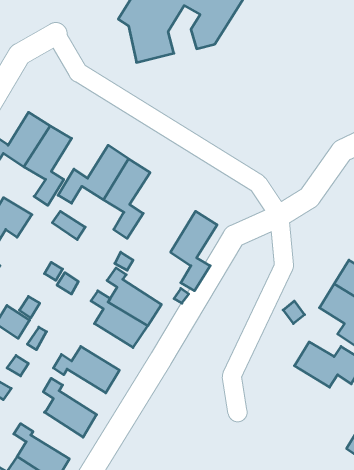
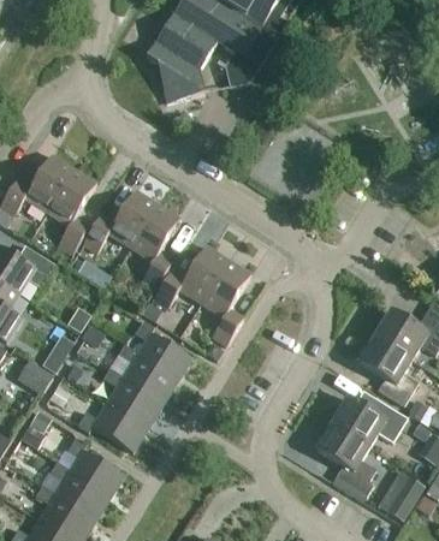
building: none -> [154,244,229,307]
building: none -> [103,365,162,427]
building: none -> [318,422,376,494]
building: none -> [51,460,109,521]

